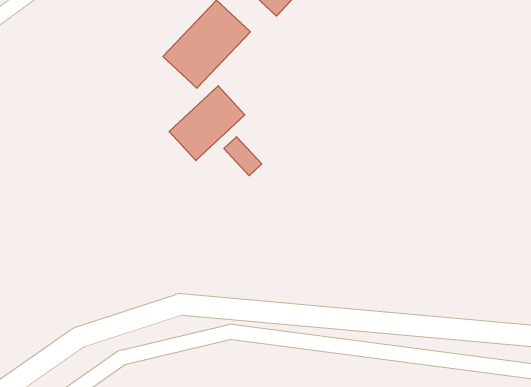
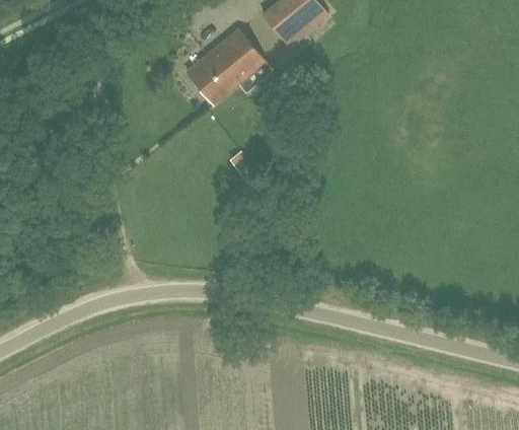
building: [169,86,245,161] -> none

